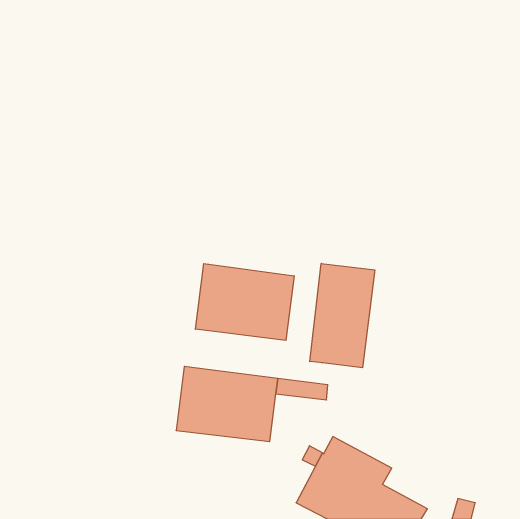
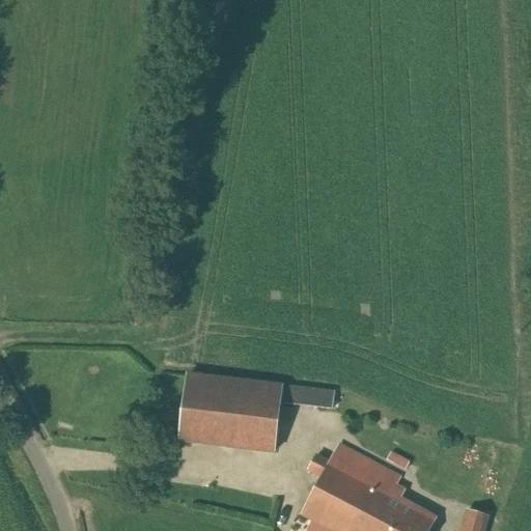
building: [310,263,375,368] -> none
building: [195,264,294,340] -> none

